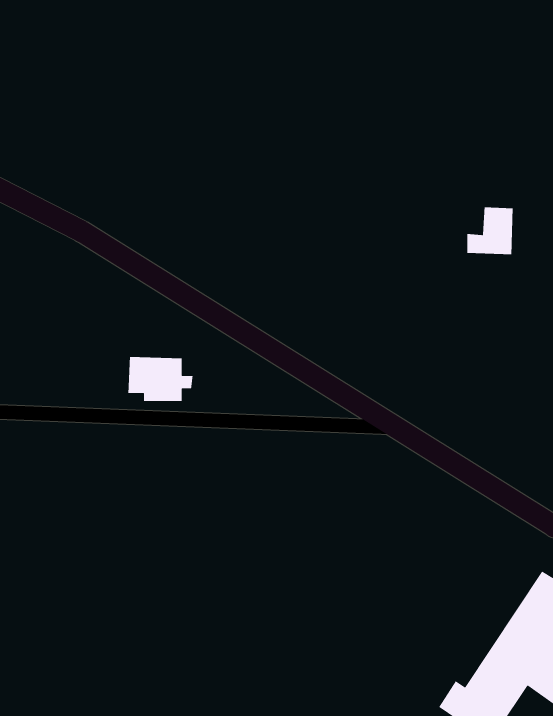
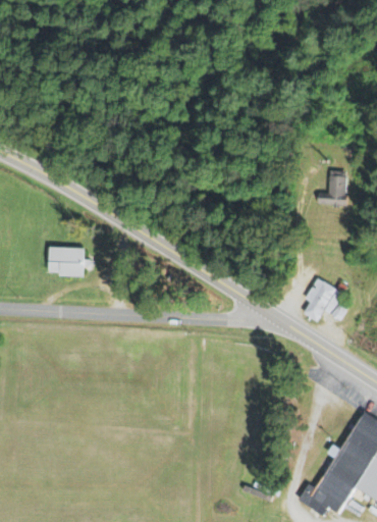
building: [128,356,193,402] -> [48,247,91,276]
building: none -> [303,276,348,322]

